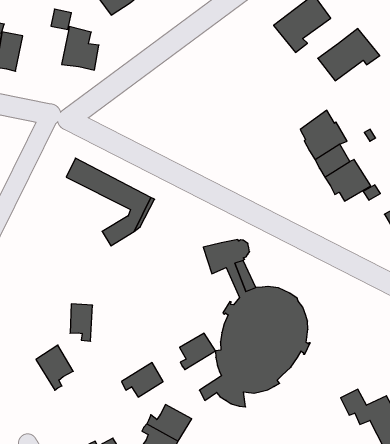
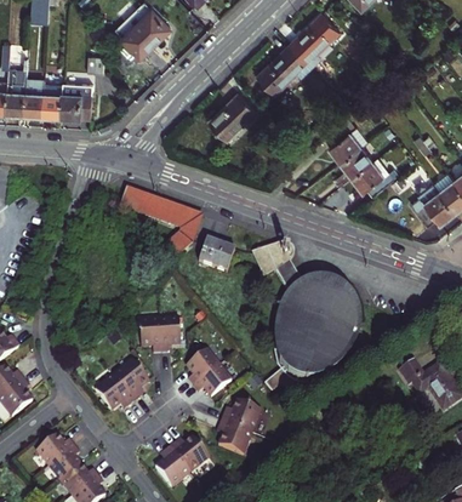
building: [62,27,99,70] -> [62,80,93,116]
building: [318,29,380,81] -> [257,44,313,93]
building: none -> [204,91,258,146]
building: none -> [199,238,235,270]
building: none -> [159,315,181,350]
building: [180,333,215,370] -> [187,348,219,383]
building: none -> [95,373,135,409]

